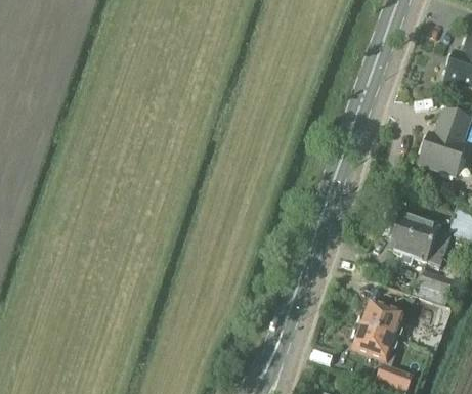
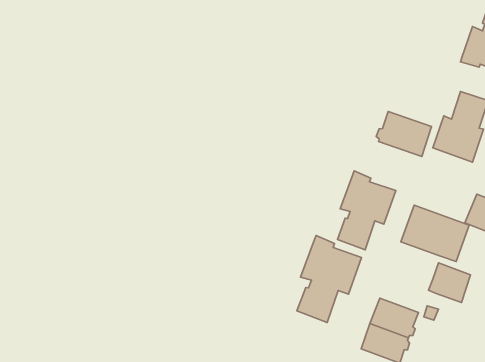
building: none -> [376,111,432,157]
building: none -> [337,171,396,250]
building: none -> [297,235,362,322]

